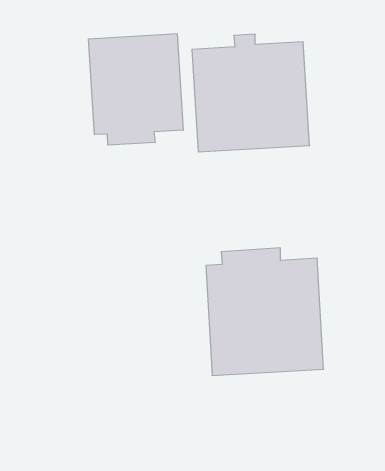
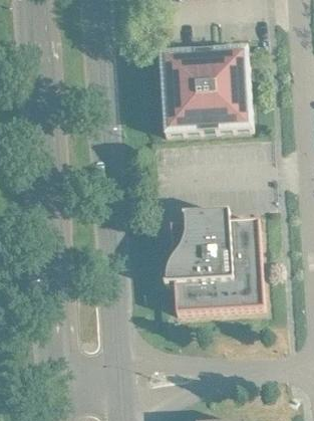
building: [89,34,183,145] -> none

